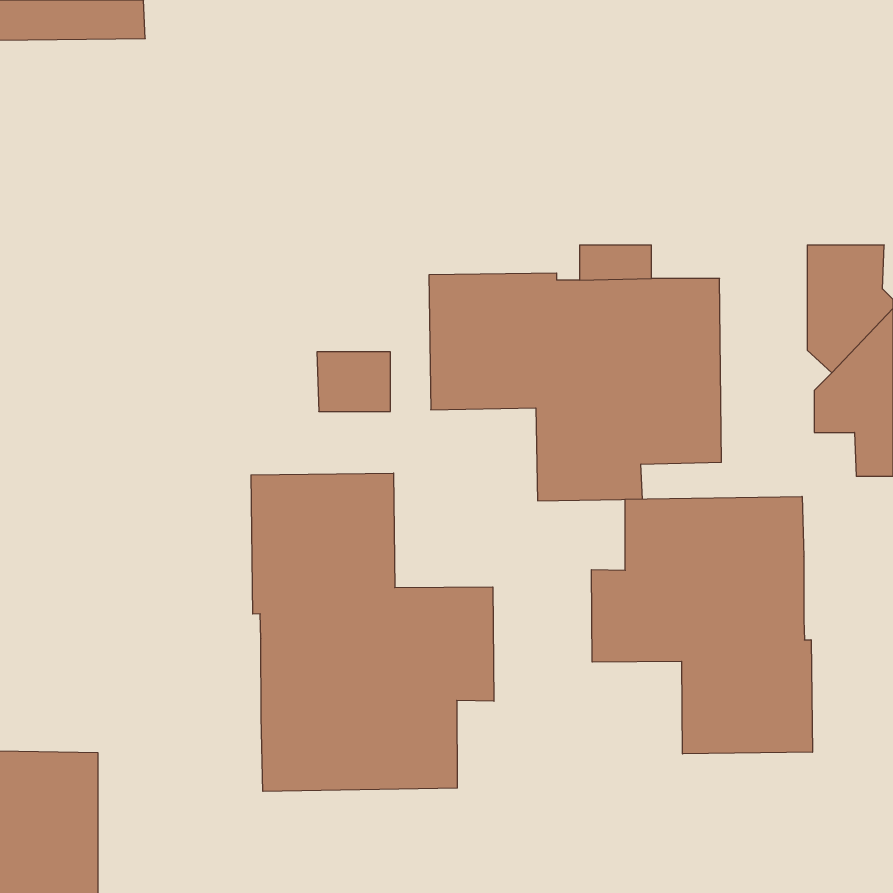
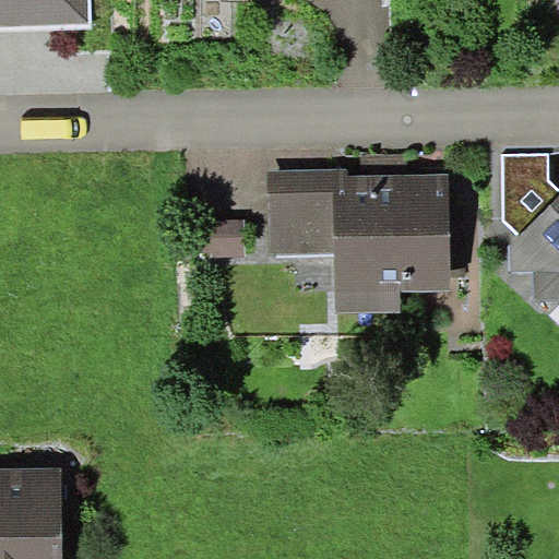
building: [251,473,494,791] -> none
building: [592,496,812,754] -> none

